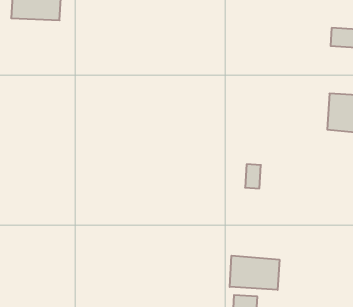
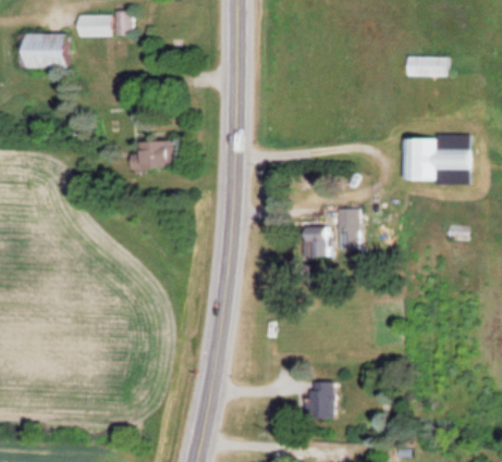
building: none -> [132,141,176,167]
building: none -> [333,210,357,252]
building: [230,256,279,290] -> none

